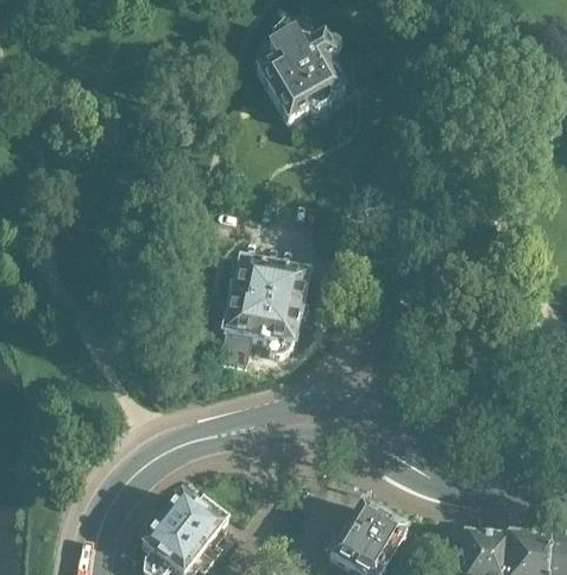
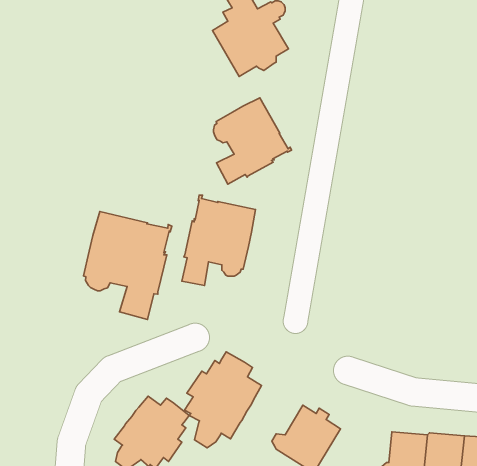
building: none -> [213,98,291,184]
building: none -> [83,211,172,319]
building: none -> [185,352,262,448]

